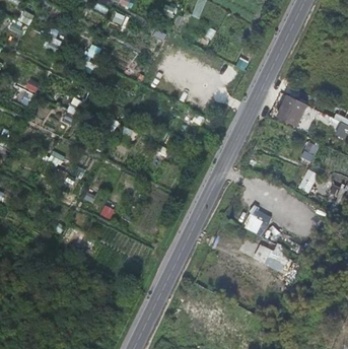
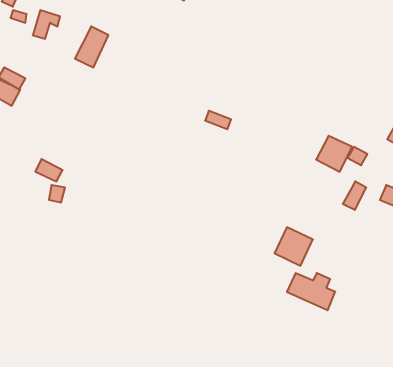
building: [277,96,306,126] -> [316,136,352,172]

